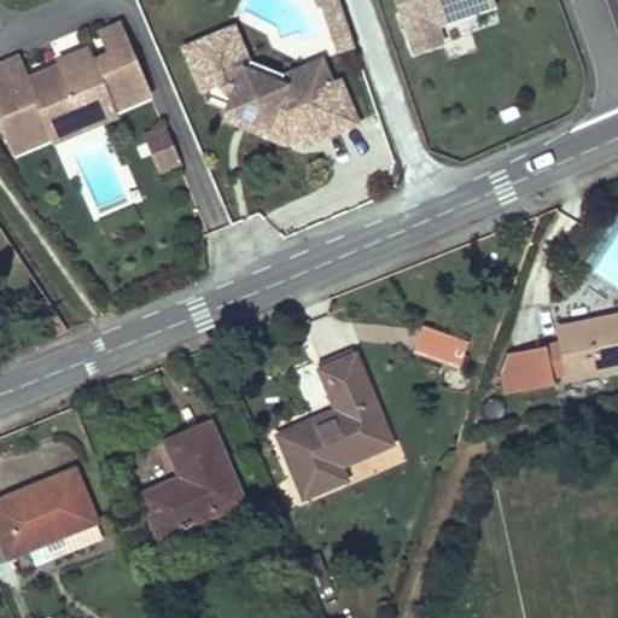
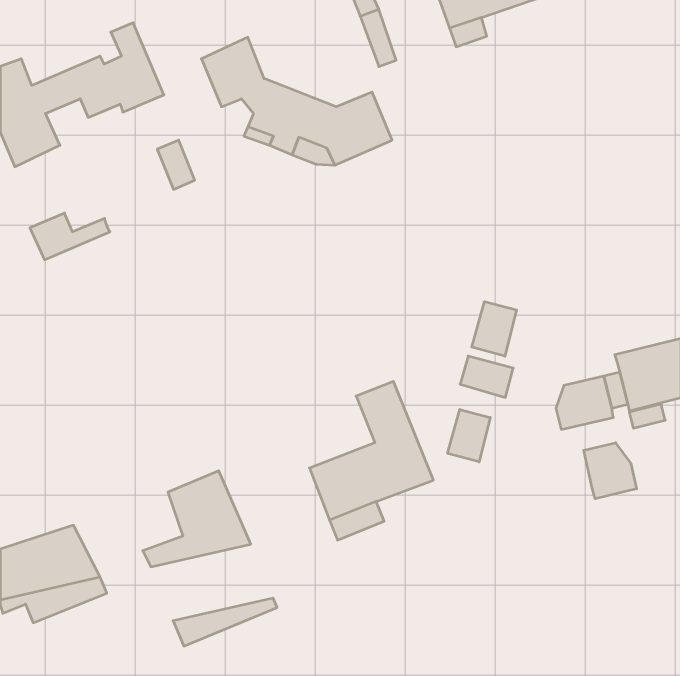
building: [226,31,332,97] -> none
building: [42,89,115,132] -> [30,213,110,260]
building: none -> [472,302,517,356]
building: none -> [448,409,490,462]
building: none -> [584,443,637,499]
building: [138,492,232,536] -> [173,598,277,646]

